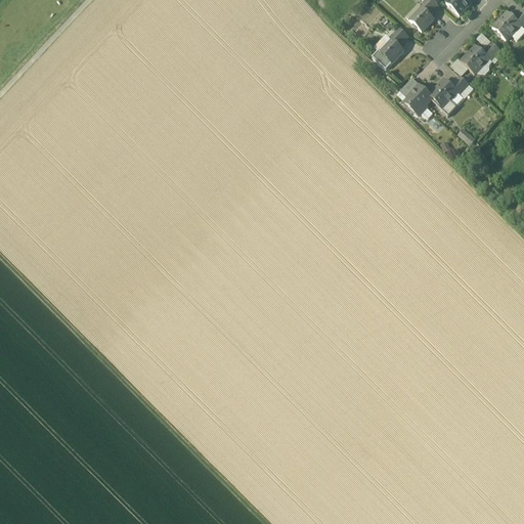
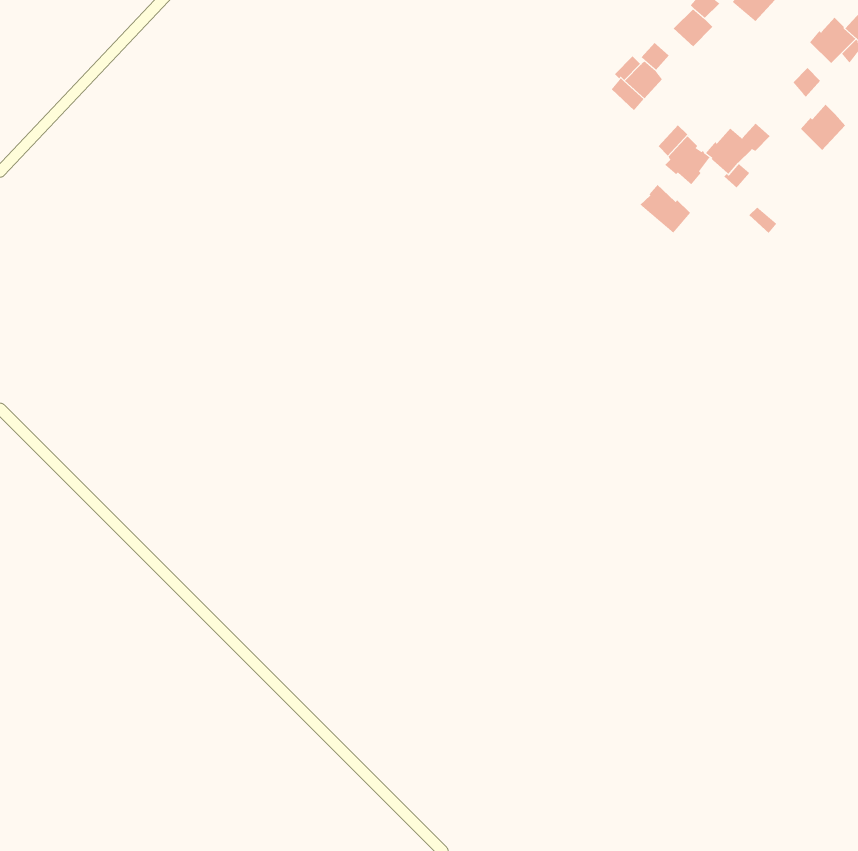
building: [462,44,489,73] -> [800,104,846,151]
building: none -> [640,184,691,234]

